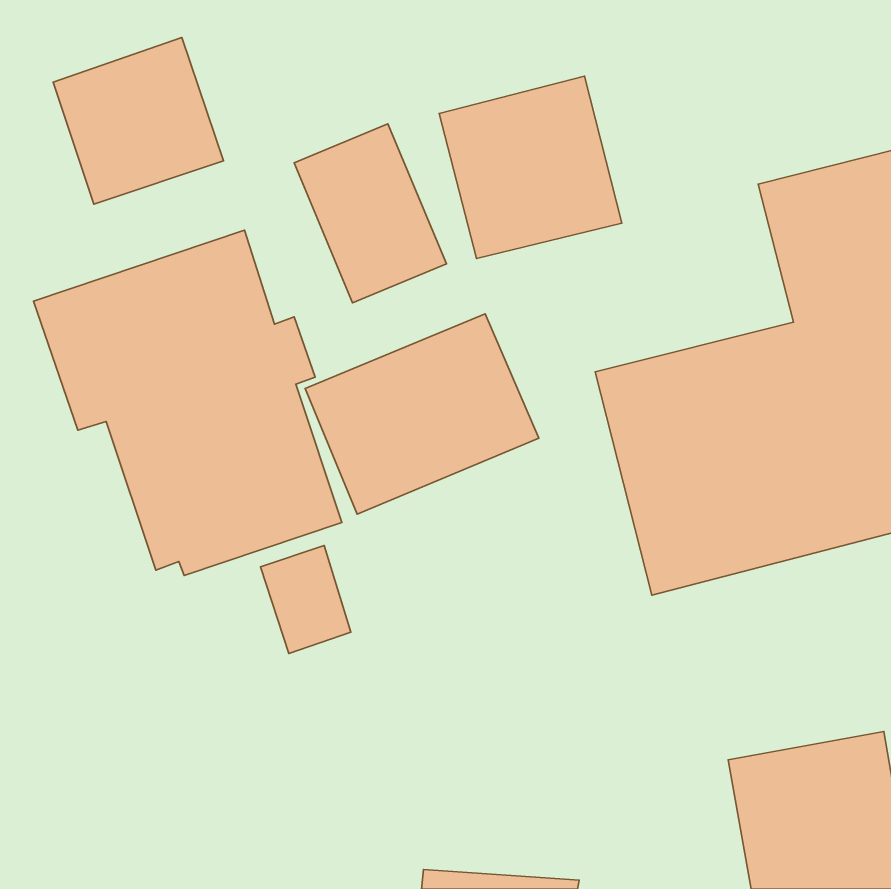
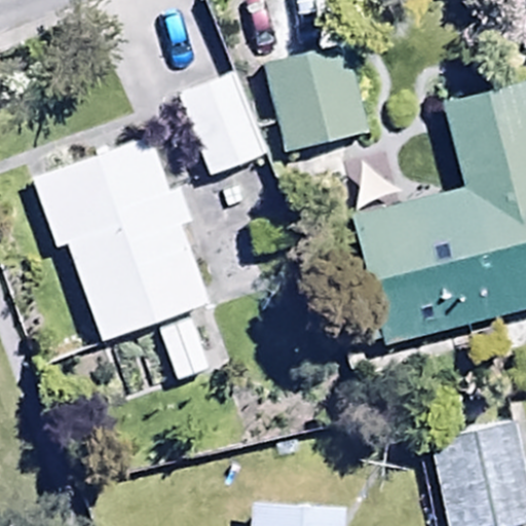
building: [53,38,224,204] -> none
building: [305,314,539,514] -> none

